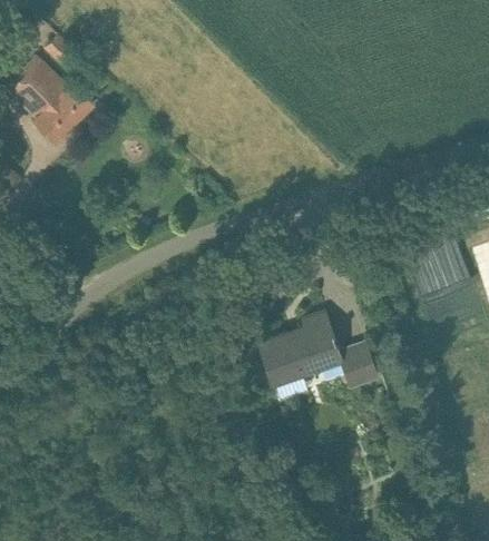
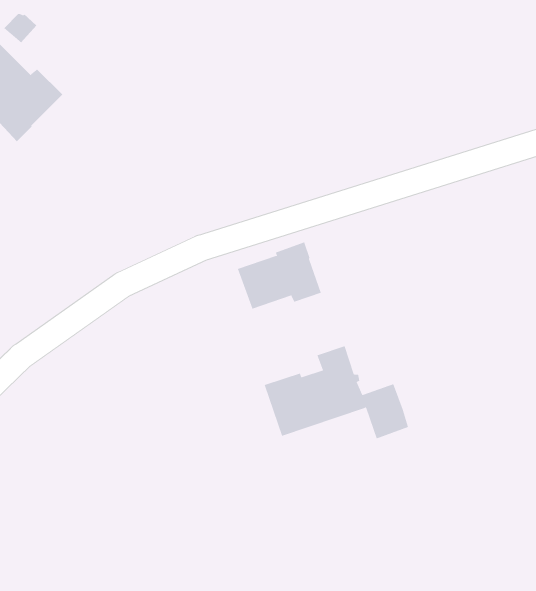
building: none -> [237,241,321,309]

